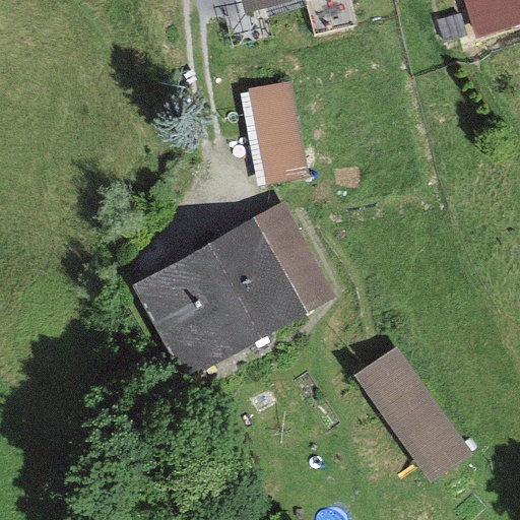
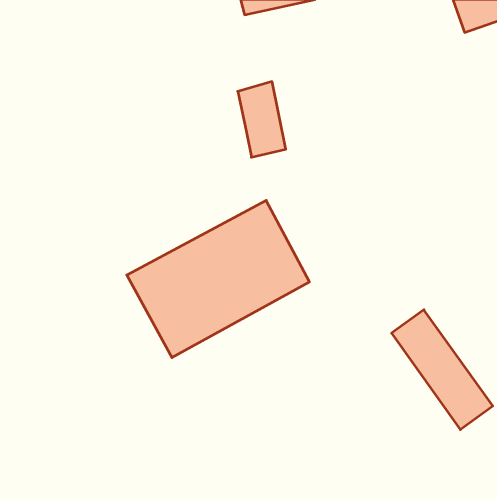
building: [360,352,464,476] -> [392,310,493,430]

